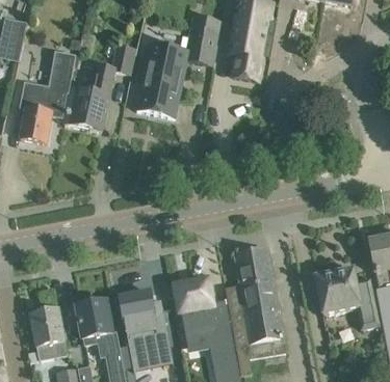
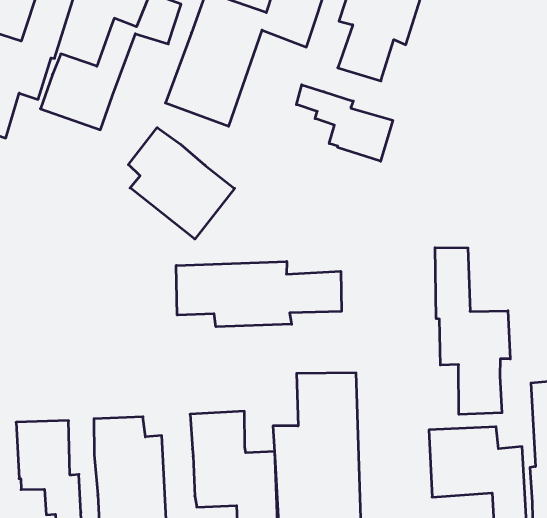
building: none -> [296,85,393,161]
building: none -> [128,128,235,239]
building: none -> [435,248,510,414]
building: none -> [176,261,341,327]

